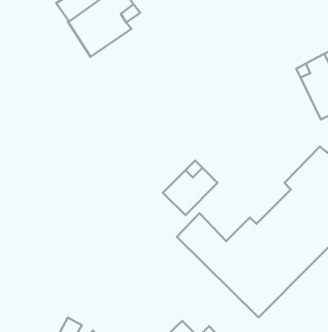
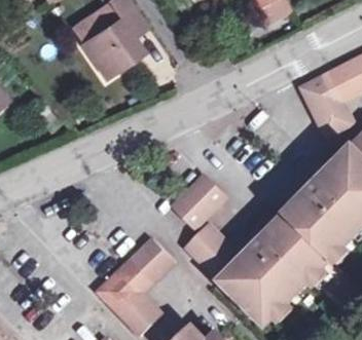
building: none -> [97,238,174,335]

